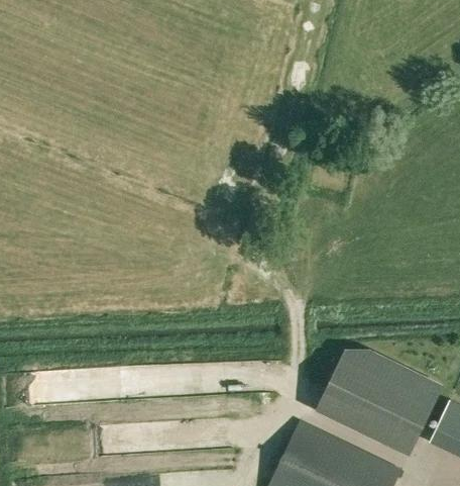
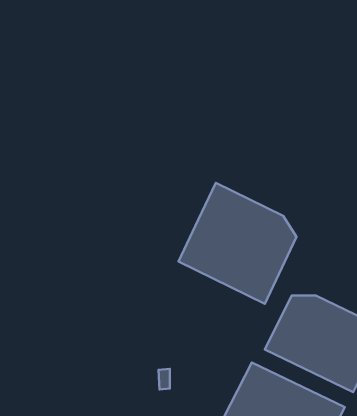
building: none -> [178,183,297,304]

